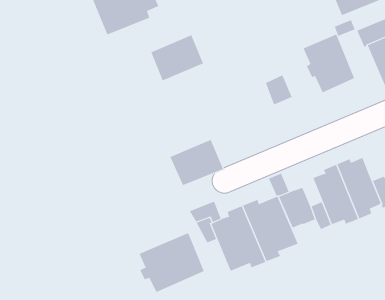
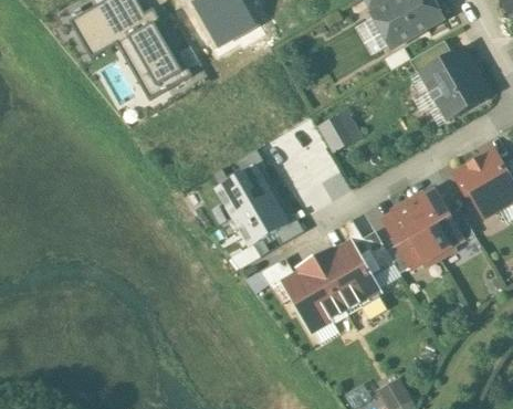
building: [303,34,355,93] -> none
building: [150,35,204,81] -> [214,166,272,219]
building: [139,233,204,293] -> none

